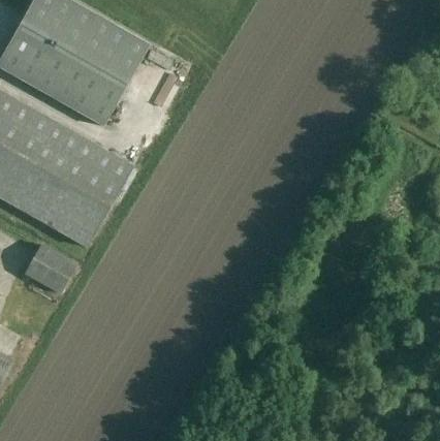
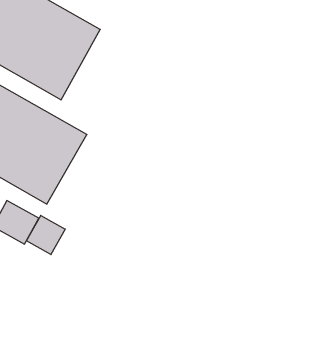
building: none -> [27,215,65,255]

